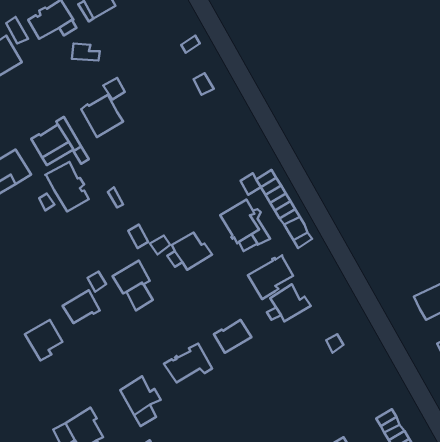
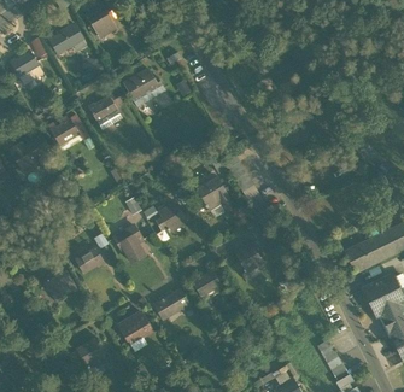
building: none -> [123,70,163,107]
building: [45,162,89,212] -> none
building: [248,255,293,299] -> none

